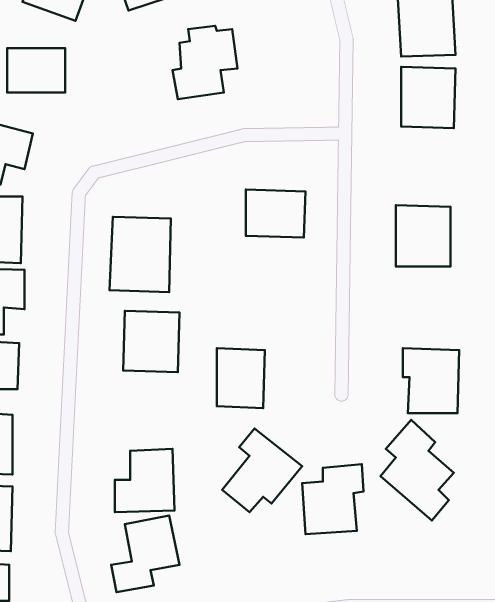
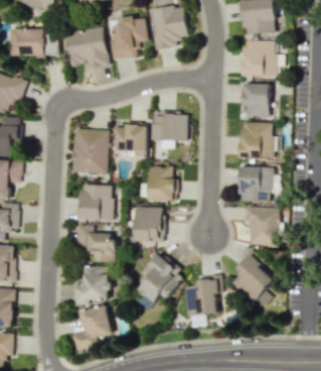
building: none -> [150,5,187,50]
building: none -> [63,27,109,70]
building: none -> [244,84,269,117]
building: none -> [113,123,147,151]
building: none -> [148,166,176,201]
building: none -> [238,166,274,203]
building: none -> [75,225,117,262]

